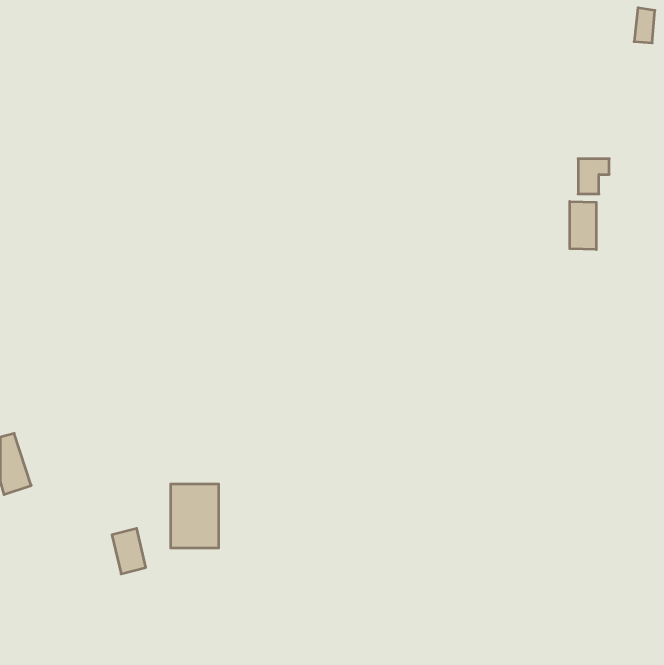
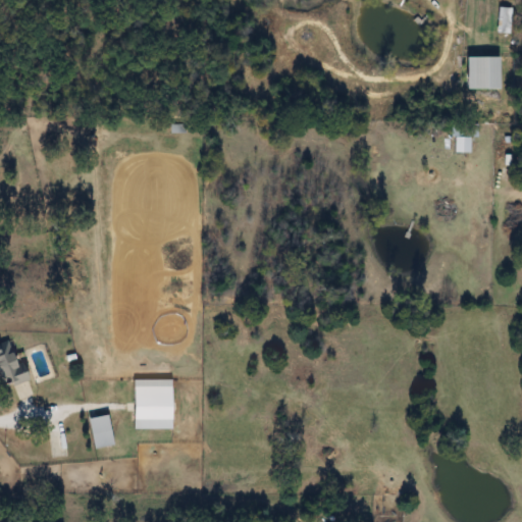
building: none -> [468,57,501,88]
building: [570,201,596,250] -> none

